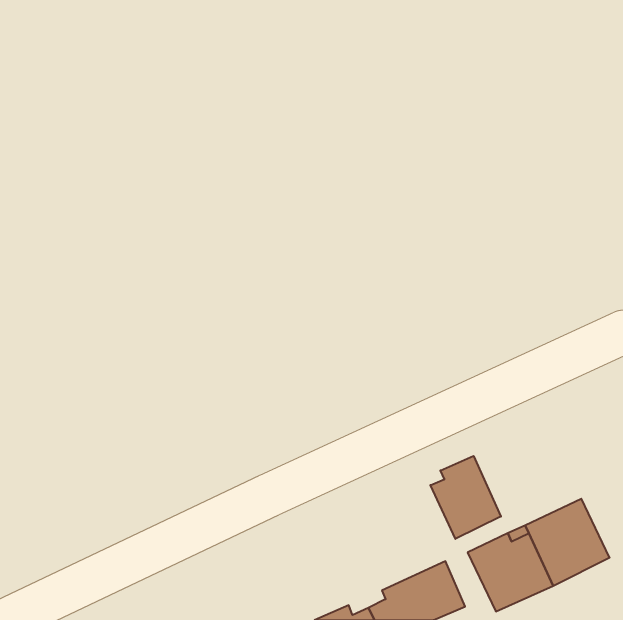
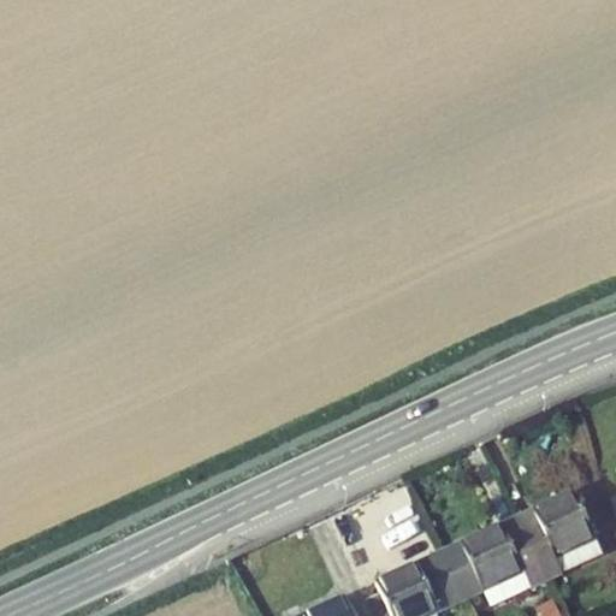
building: [430,456,501,539] -> none

